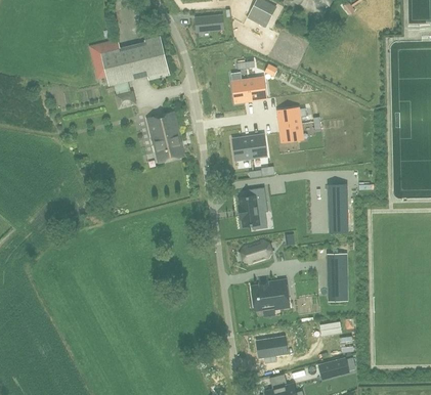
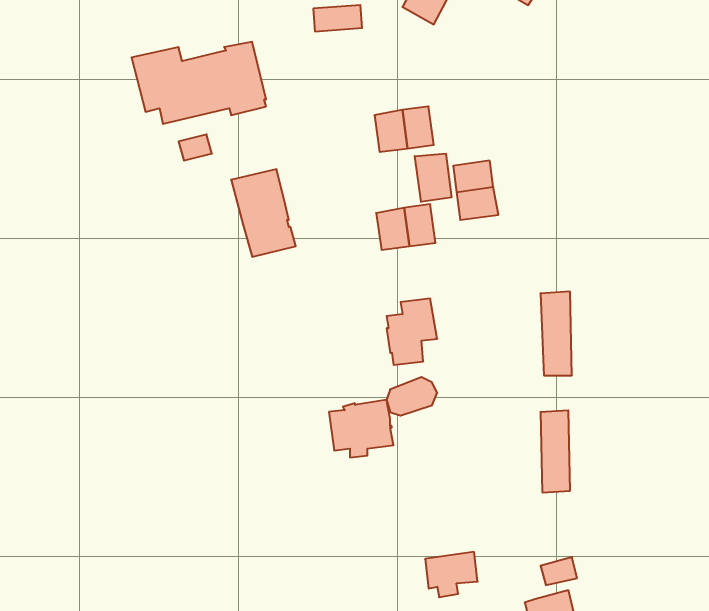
building: none -> [415,154,452,202]
building: [251,279,289,313] -> [329,400,394,457]

